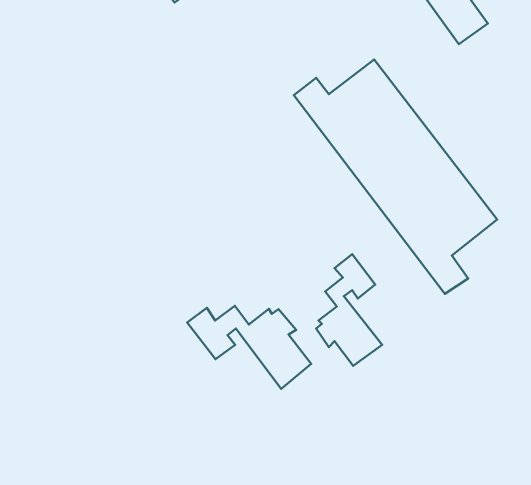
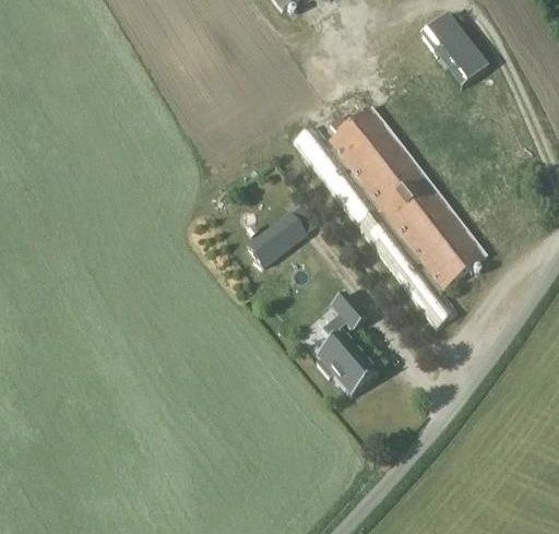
building: none -> [247,210,306,262]
building: [187,306,311,389] -> none

